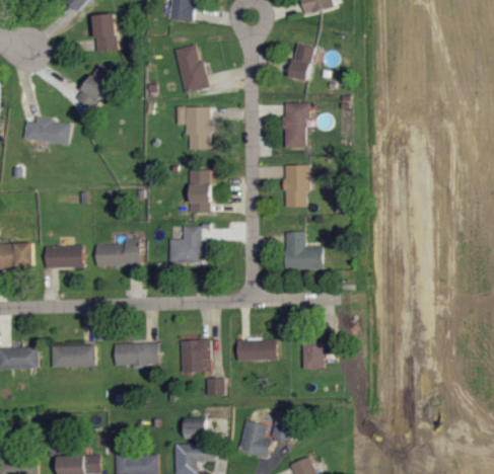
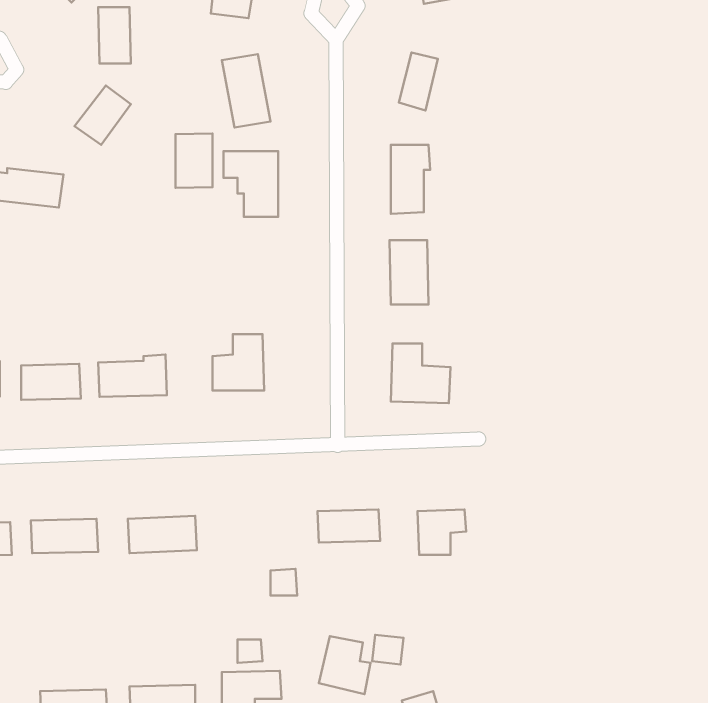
building: none -> [176,133,212,188]
building: [190,170,212,213] -> none
building: [180,339,210,372] -> none

